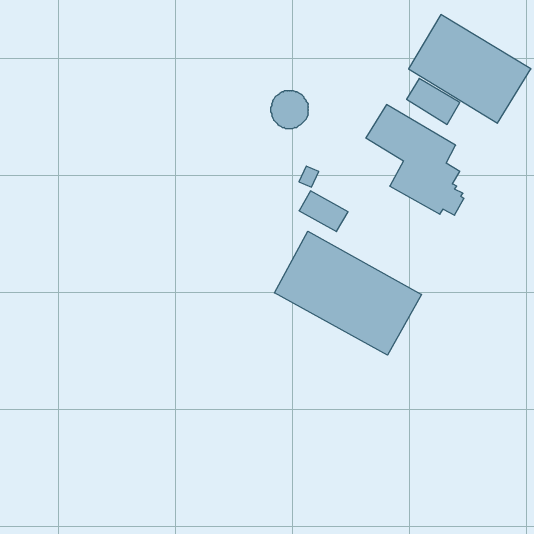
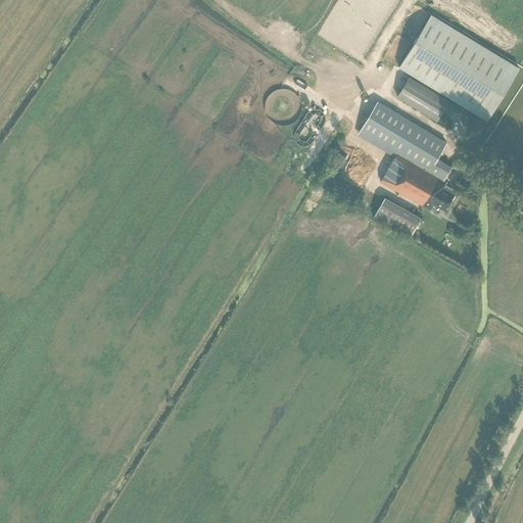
building: [299,191,348,232] -> [374,197,422,237]
building: [274,231,422,355] -> none

